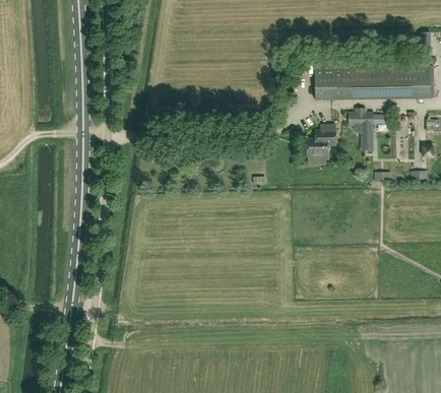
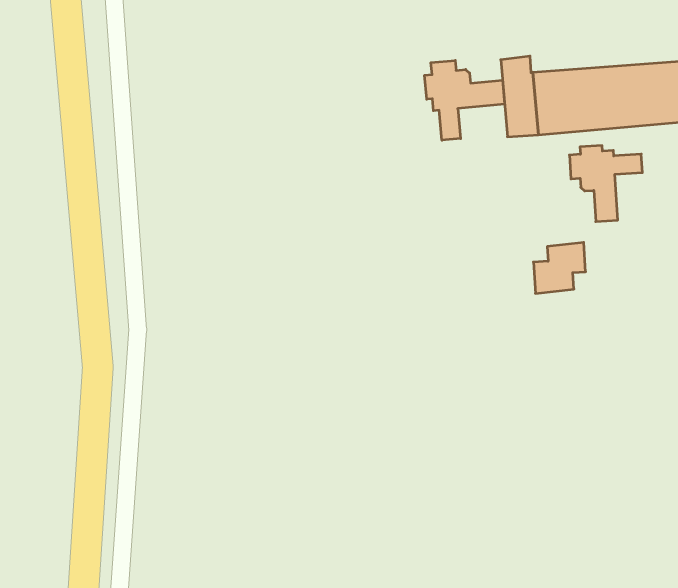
building: none -> [425,60,505,140]
building: [307,129,335,155] -> [533,242,586,293]

